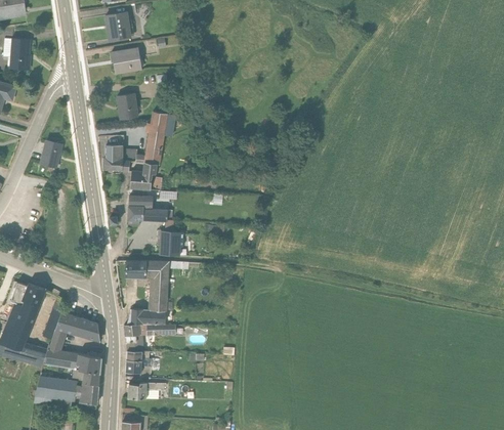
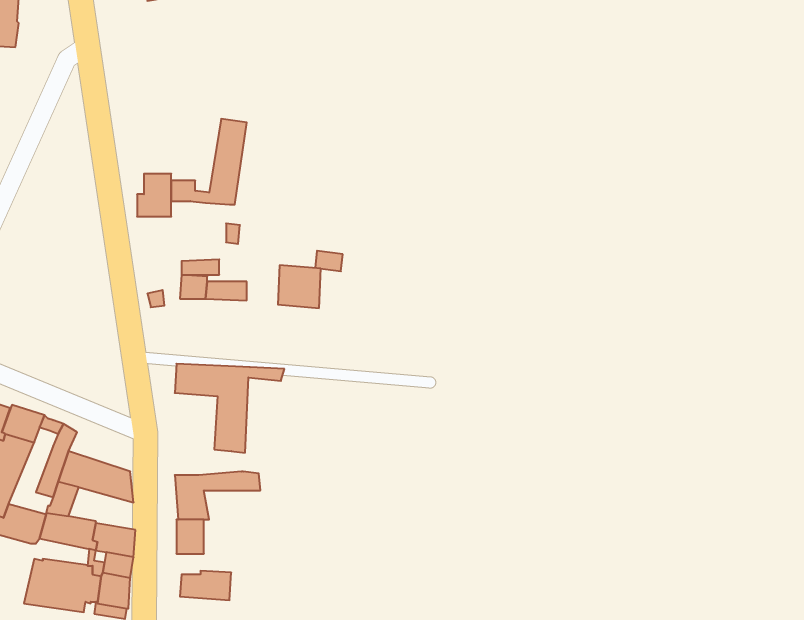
building: [109,47,141,75] -> none
building: [115,93,137,120] -> none
building: [40,139,62,168] -> none
building: [131,162,157,189] -> none
building: [156,229,181,255] -> [278,265,321,308]
building: [126,308,164,325] -> none

